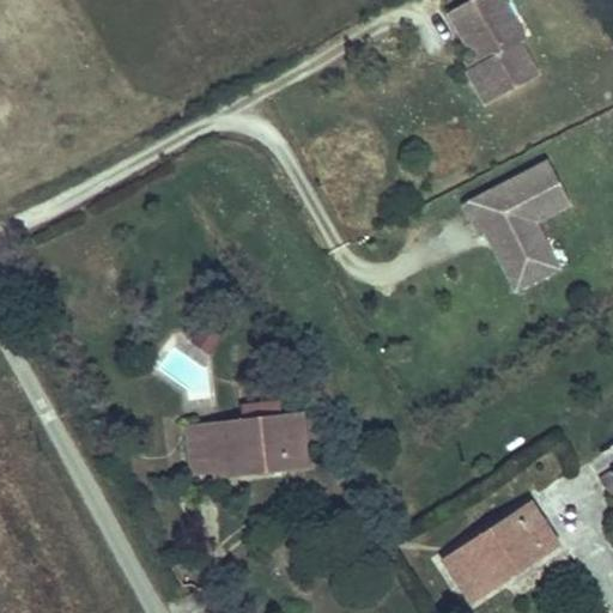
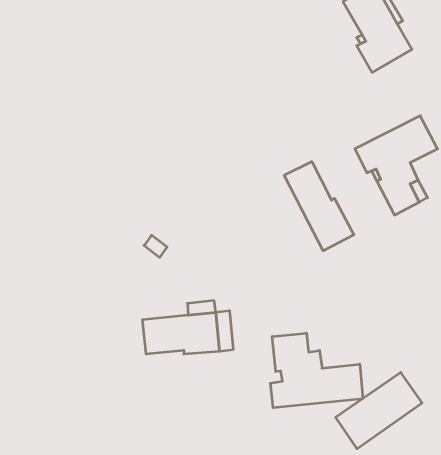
building: none -> [284,162,354,251]
building: none -> [270,333,363,408]

